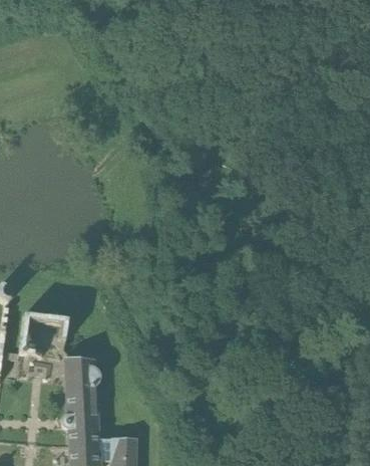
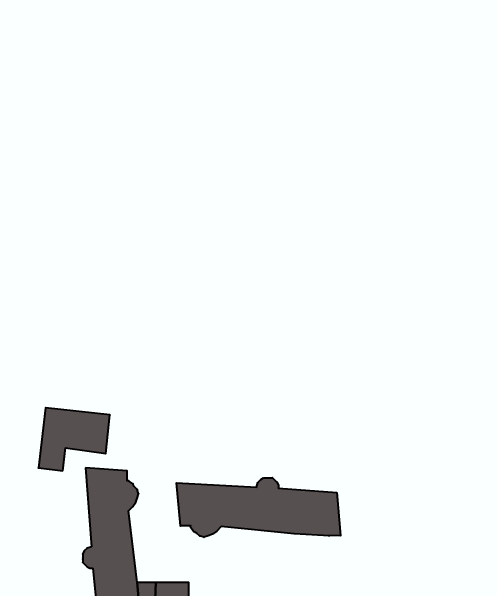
building: none -> [176,478,341,537]

